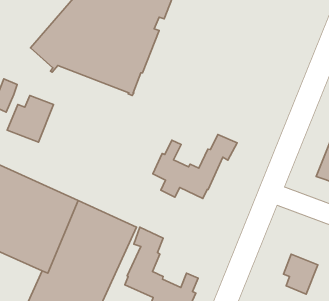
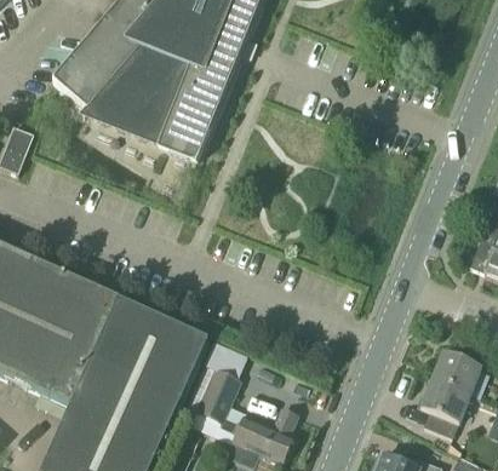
building: [7,95,54,142] -> none
building: [153,134,237,198] -> none
building: none -> [431,351,481,395]

